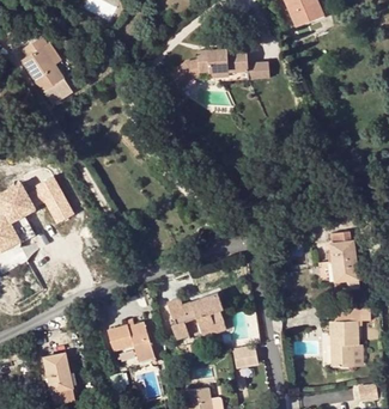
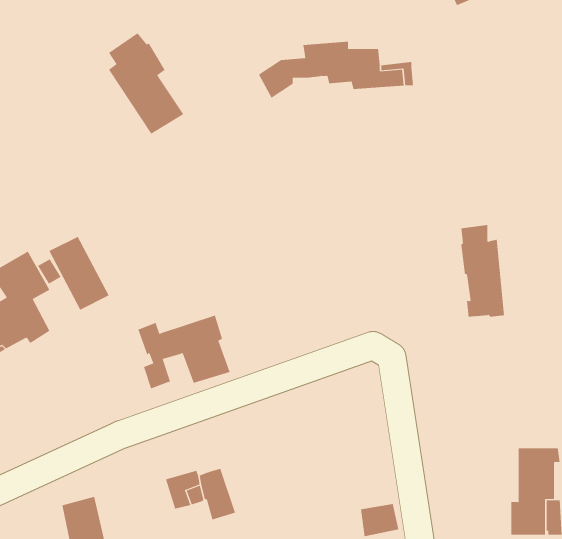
building: [22,37,71,103] -> [108,33,184,135]
building: [329,231,358,291] -> [460,224,505,317]
building: [168,293,227,341] -> [138,315,230,389]

